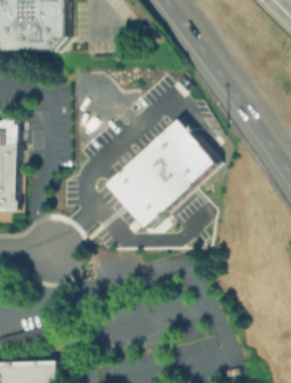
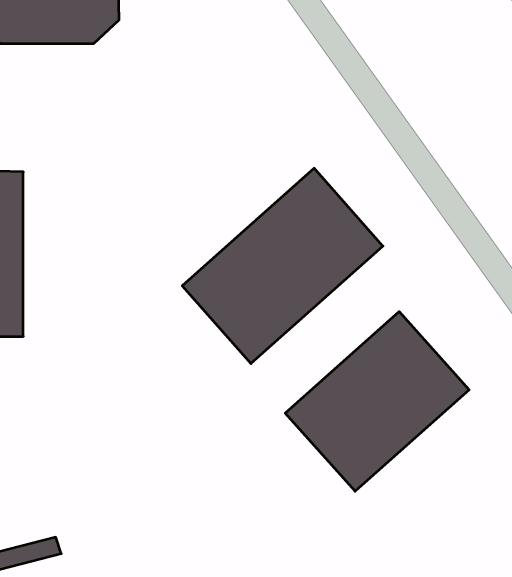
building: none -> [285,312,469,491]

